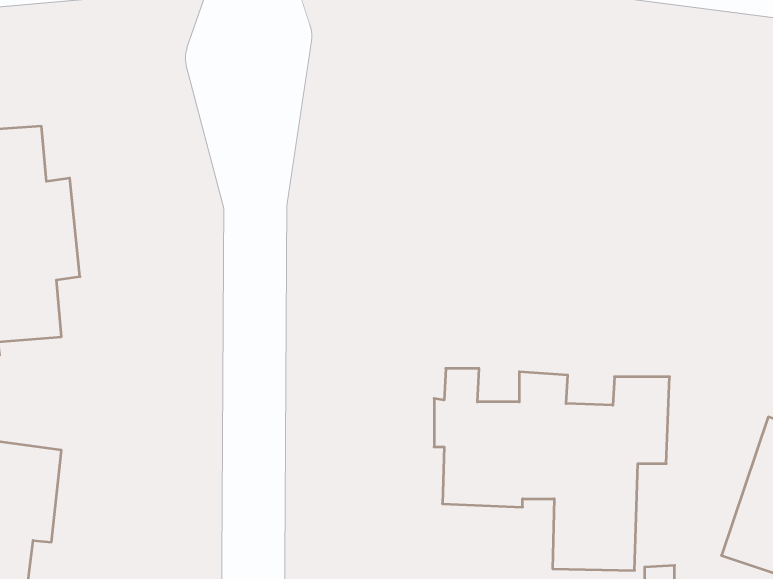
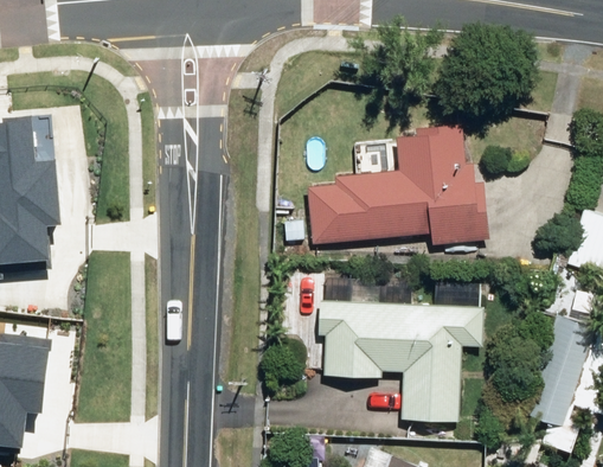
building: none -> [306,124,486,245]

